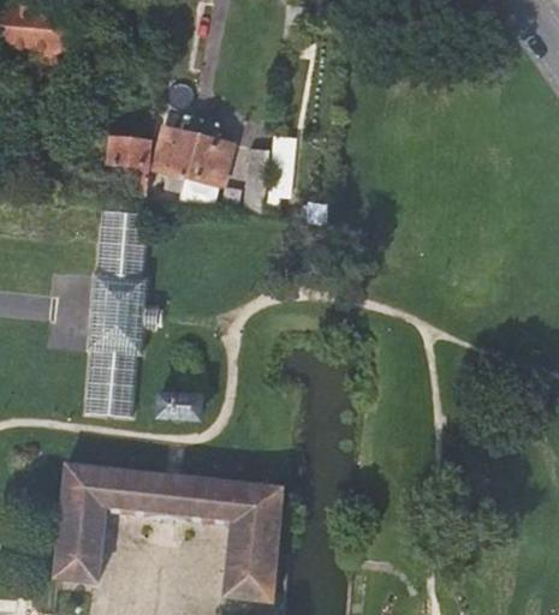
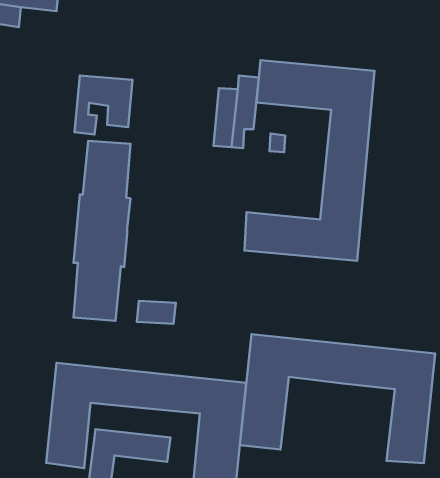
building: [156,115,233,191] -> none
building: none -> [244,60,375,261]
building: none -> [240,334,435,463]

